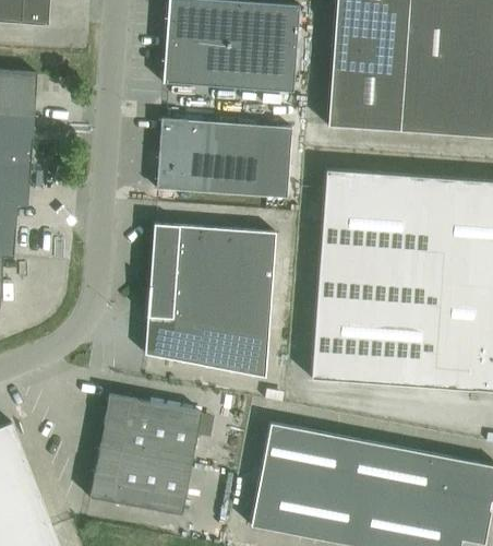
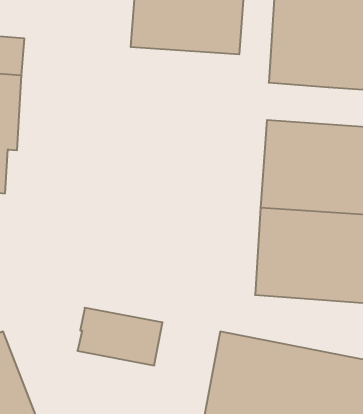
building: [157,119,292,198] -> none
building: [144,224,276,378] -> none
building: [89,446,192,515] -> none

